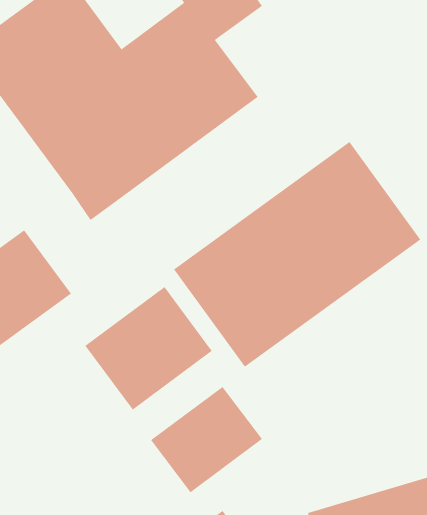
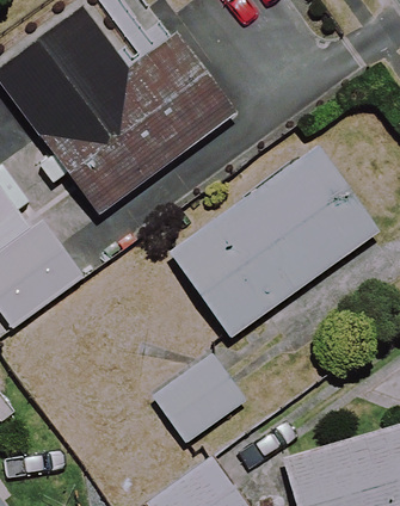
building: [85,286,213,411] -> none

